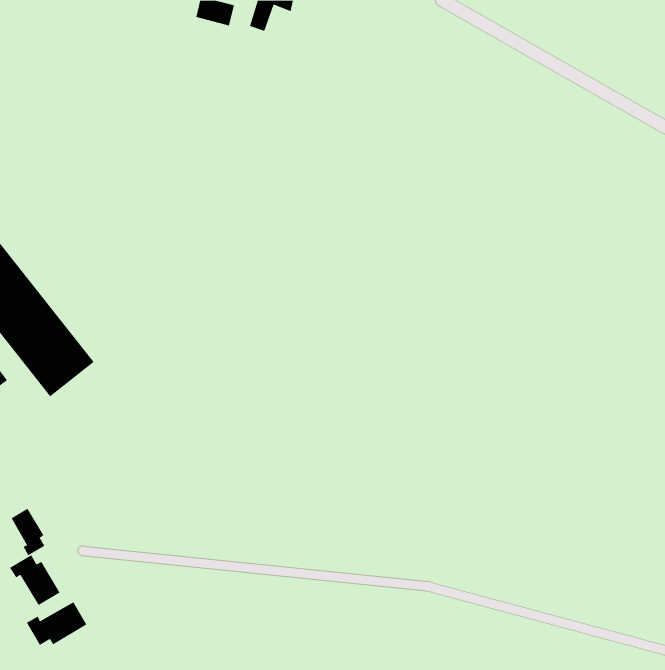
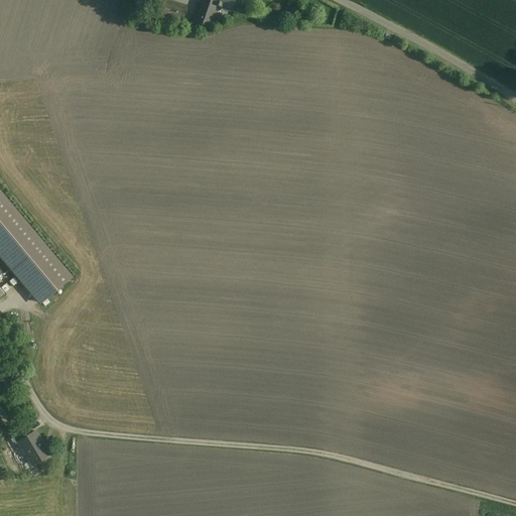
building: [11,508,45,556] -> none
building: [26,601,87,646] -> none

